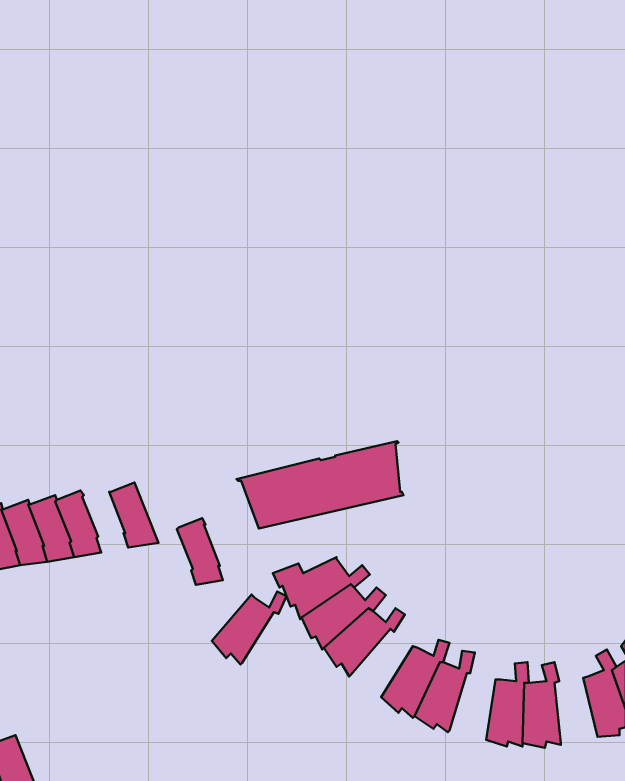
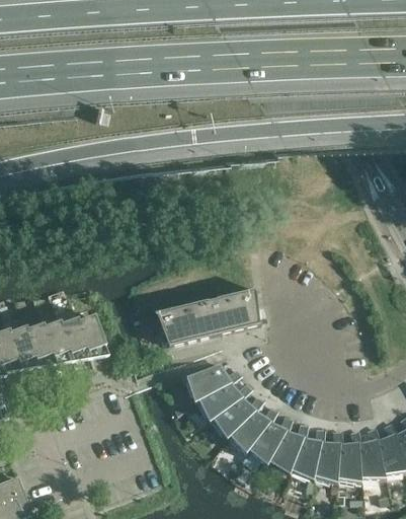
building: [177,518,223,585] -> [57,316,86,359]
building: [212,591,287,665] -> [228,405,275,452]
building: none -> [357,426,385,480]
building: none -> [291,427,323,479]

